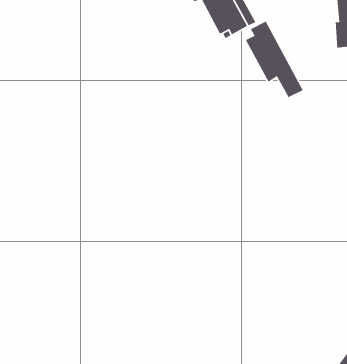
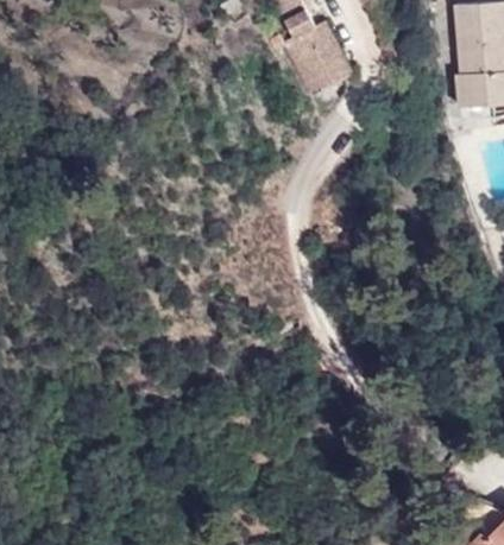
building: [245,20,304,98] -> none

